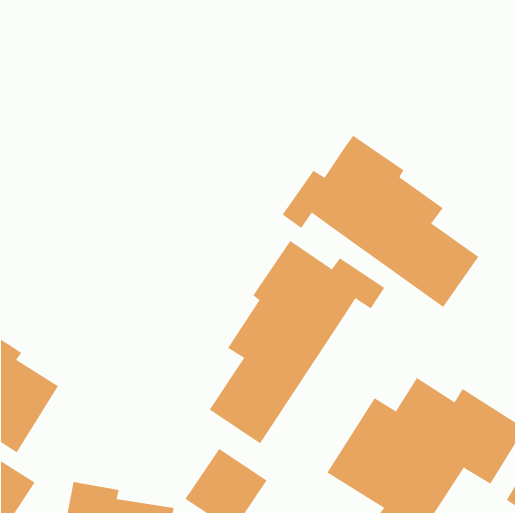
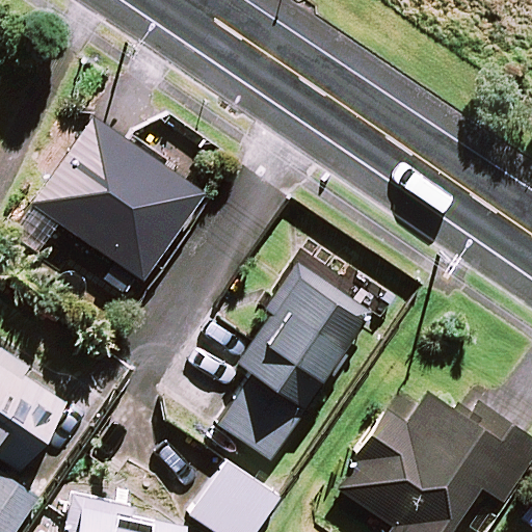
building: none -> [33,117,204,280]
building: [282,135,479,308] -> none

